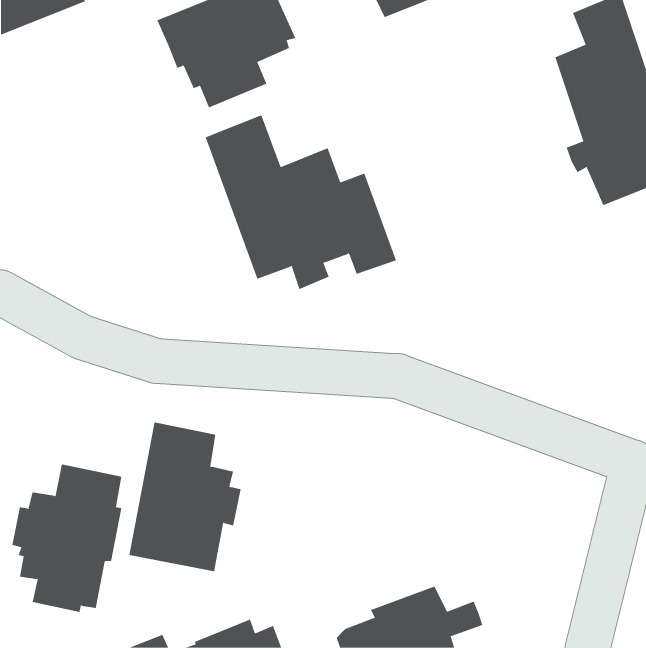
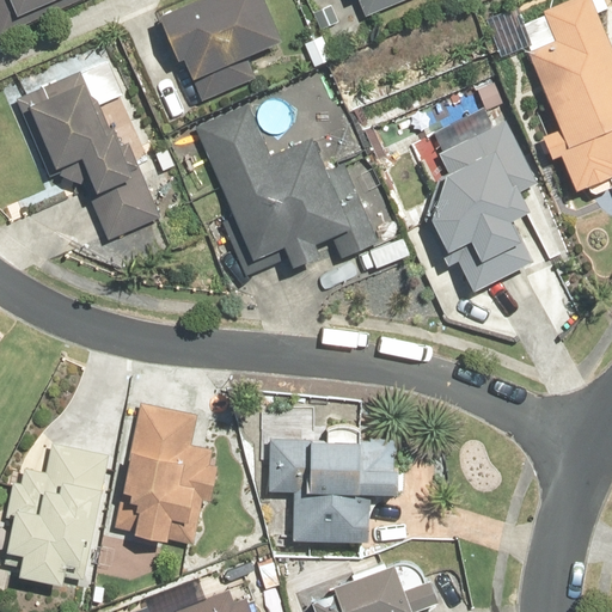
building: none -> [16,73,160,241]
building: none -> [422,122,534,294]
building: none -> [274,417,415,534]

